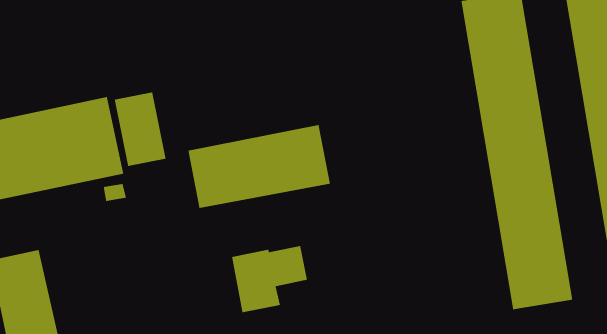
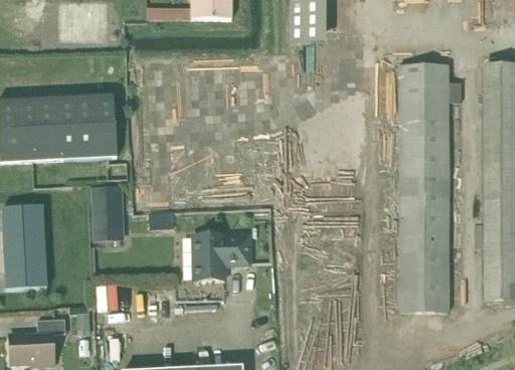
building: [114,91,167,167] -> [90,187,123,242]
building: [187,124,331,209] -> none

